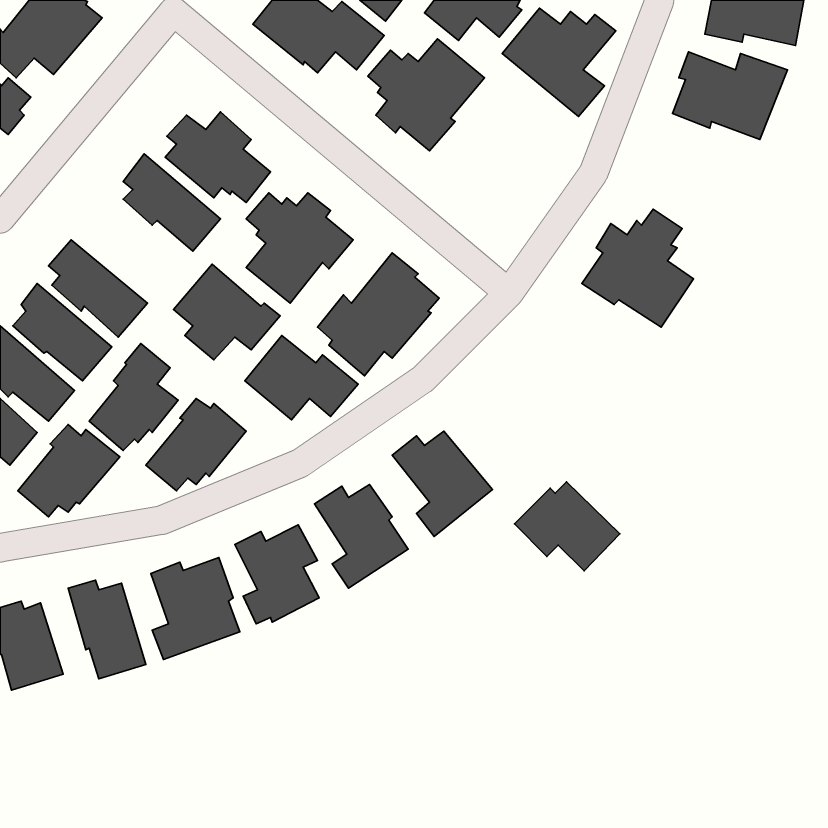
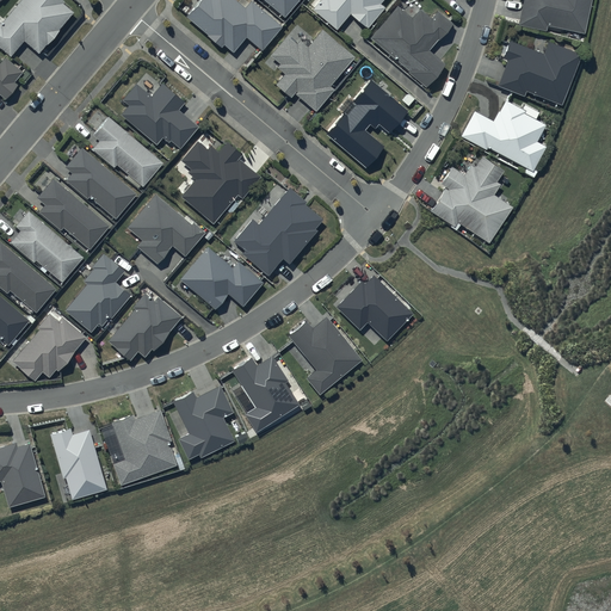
building: none -> [326,79,409,167]
building: none -> [458,99,544,171]
building: none -> [66,147,137,220]
building: [515,482,620,571] -> [335,276,413,341]

